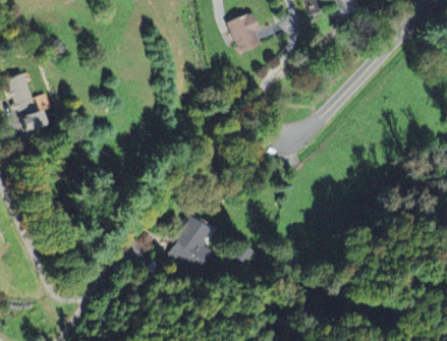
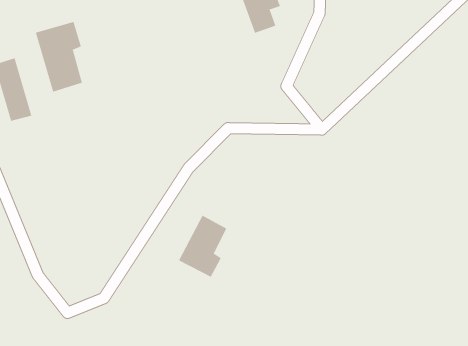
building: none -> [35,21,83,93]

